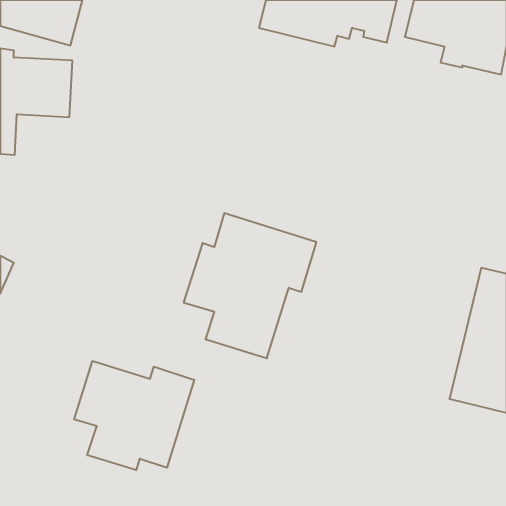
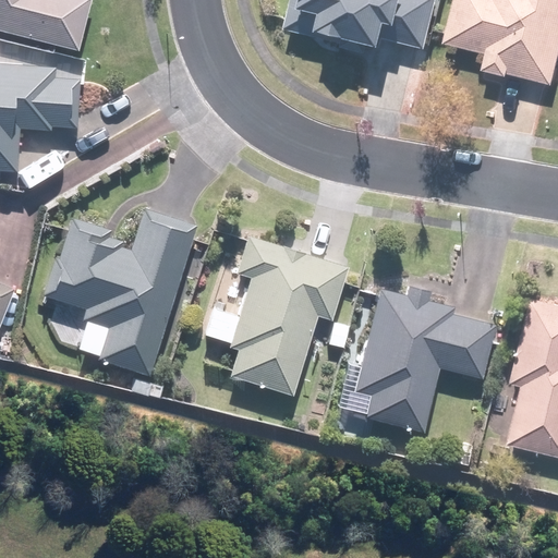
building: none -> [45,206,197,375]
building: none -> [356,284,496,429]
building: [74,361,194,470] -> none

